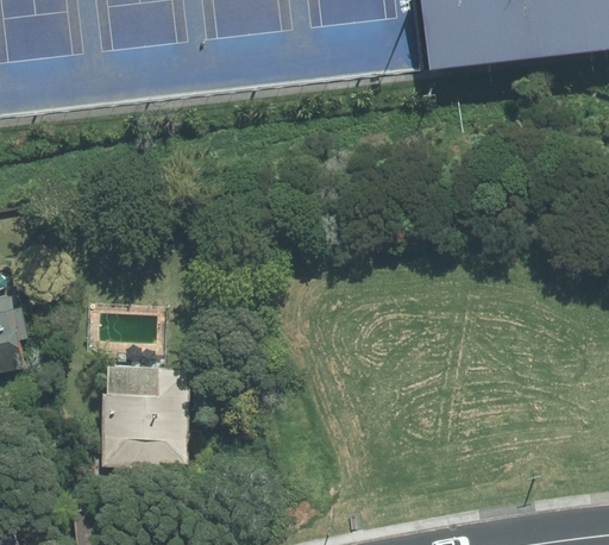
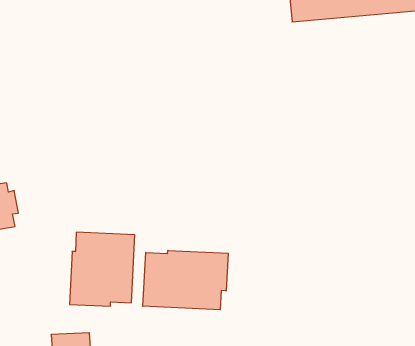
building: none -> [143,250,228,310]

